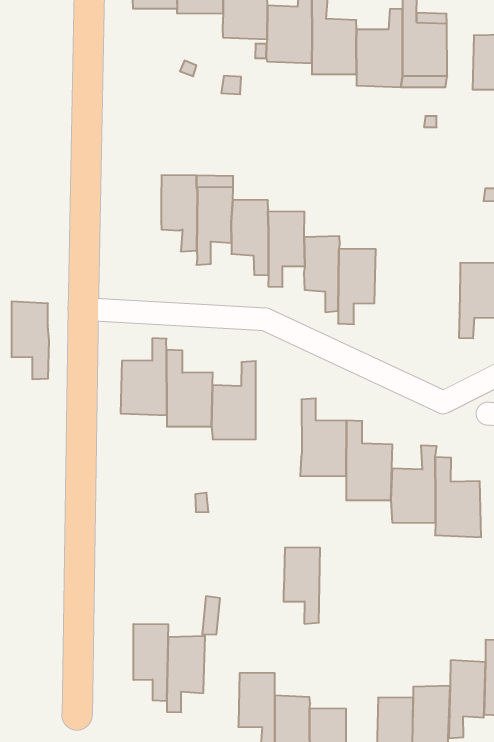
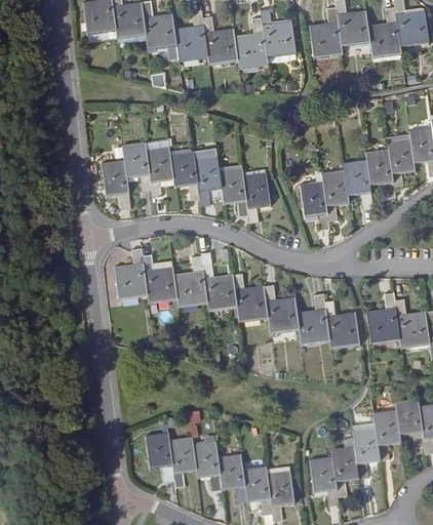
building: none -> [300,179,328,230]
building: [11,301,49,379] -> [100,159,130,209]
building: none -> [200,260,237,313]
building: [283,548,320,624] -> [193,441,222,491]

